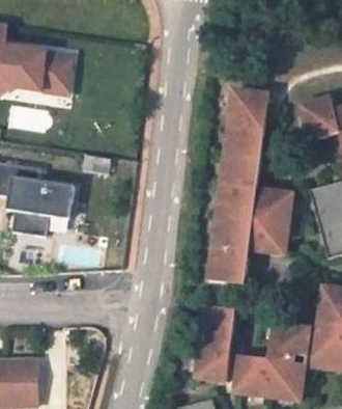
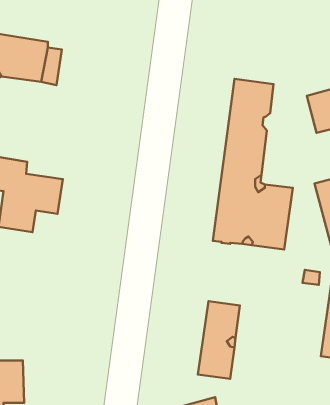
building: [205,252,238,293] -> none
building: [270,321,311,354] -> none
building: [235,352,306,399] -> none

